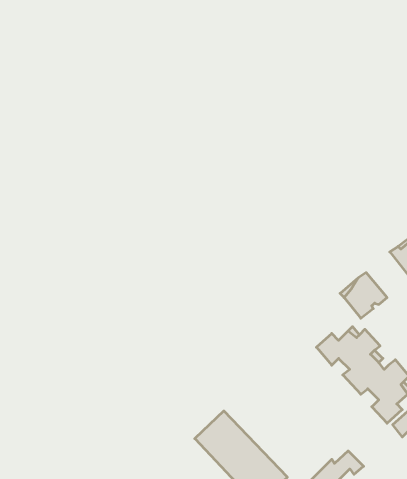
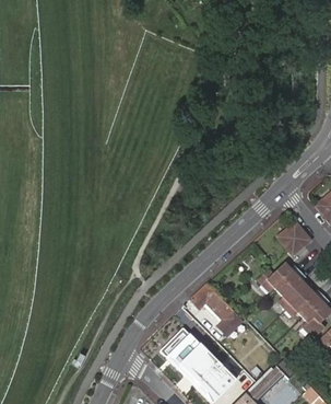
building: none -> [192,282,243,334]

